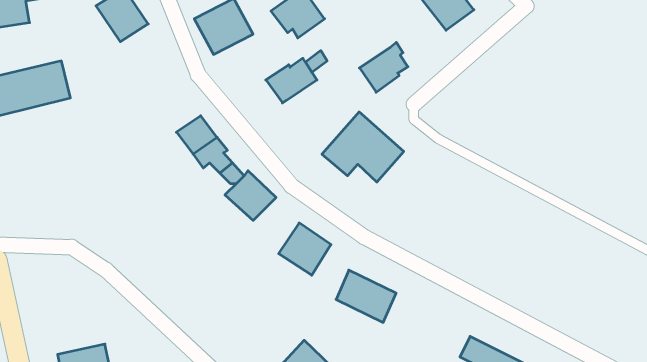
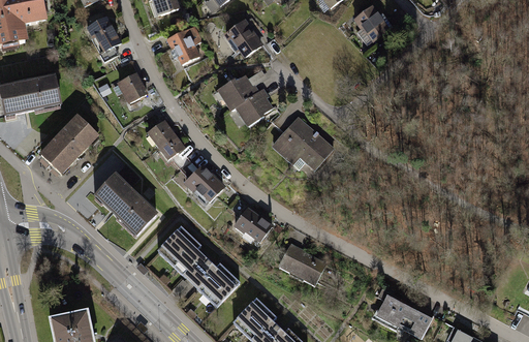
building: [359,42,408,92] -> [235,86,274,126]
building: none -> [111,71,145,106]
building: none -> [39,113,100,174]
building: none -> [89,168,159,238]
building: none -> [158,229,235,304]

